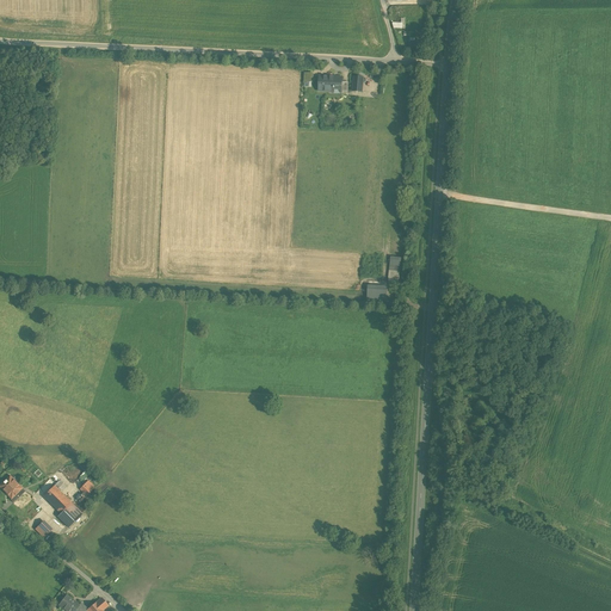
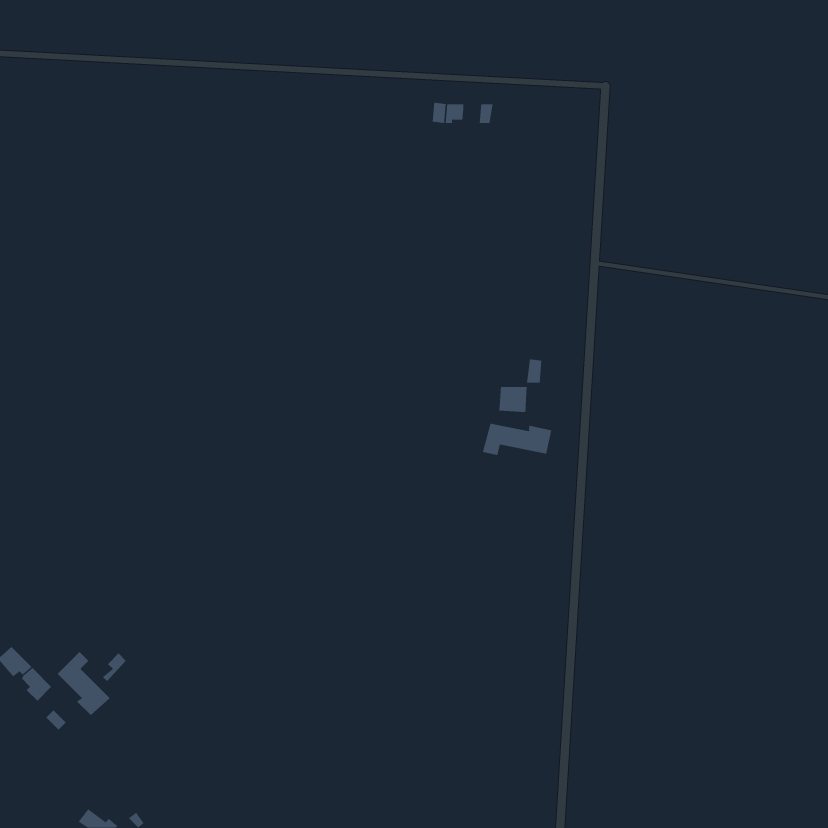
building: none -> [482,423,552,456]

